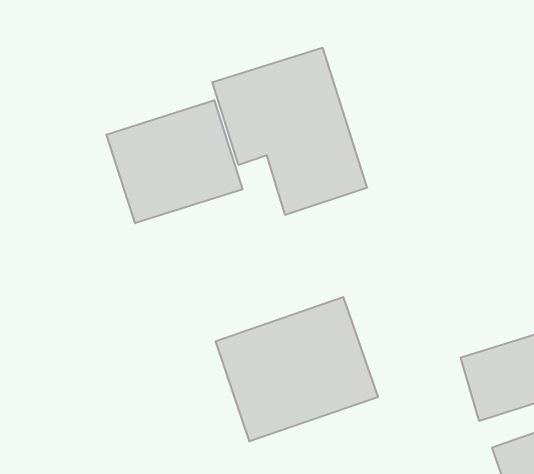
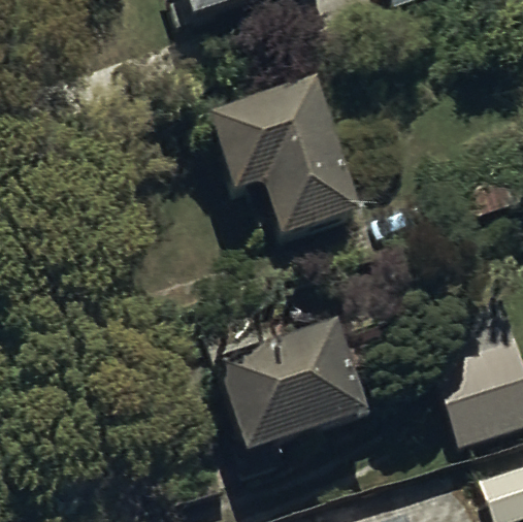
building: [106,100,242,223] -> none

